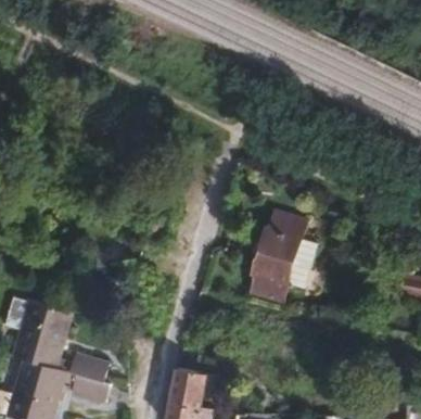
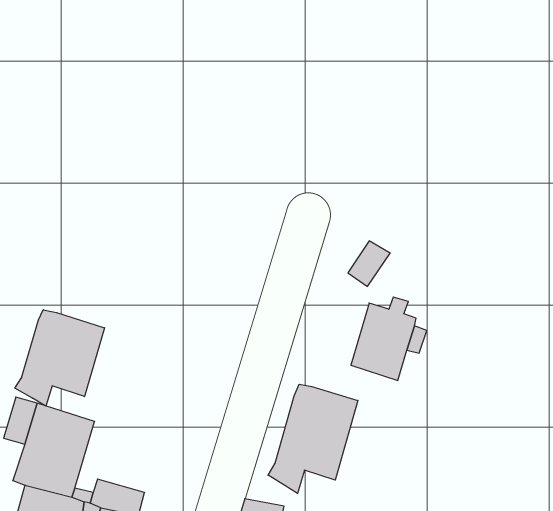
building: none -> [15,310,105,406]
building: none -> [268,384,358,493]

